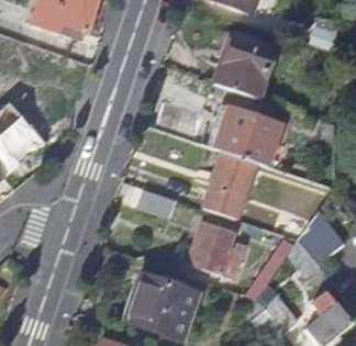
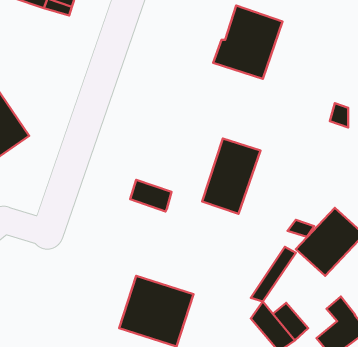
building: [214,104,280,165] -> none
building: [189,221,244,278] -> none

